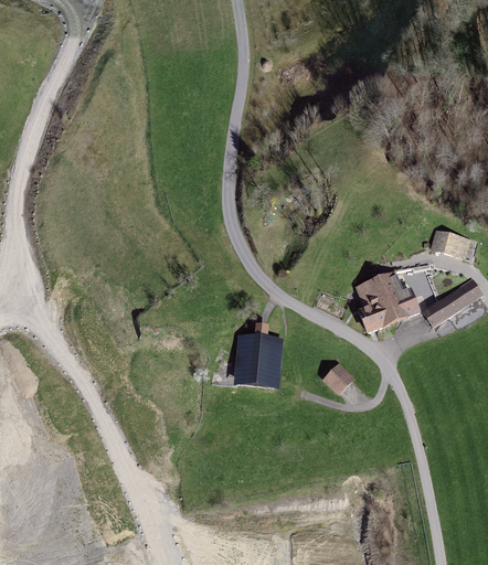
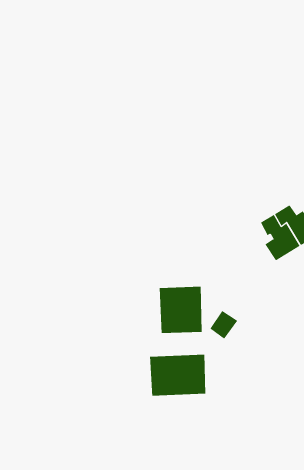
building: [323,364,356,396] -> [210,310,238,340]
building: none -> [149,354,206,396]

